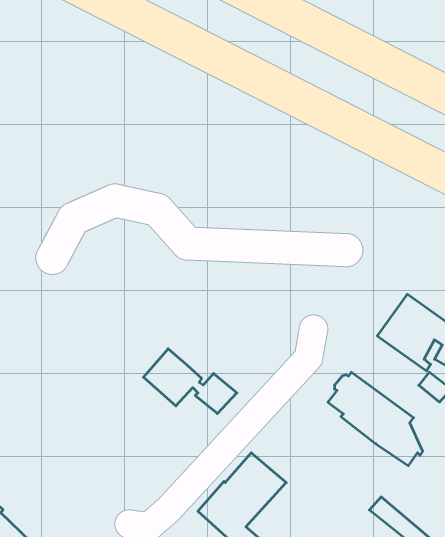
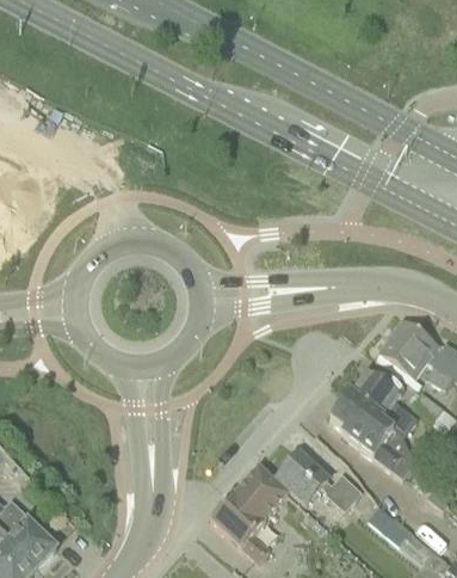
building: none -> [350,368,418,432]
building: [143,349,237,414] -> [276,451,362,511]

